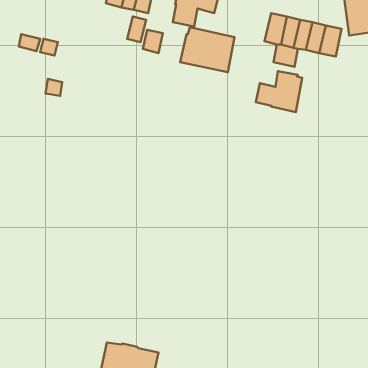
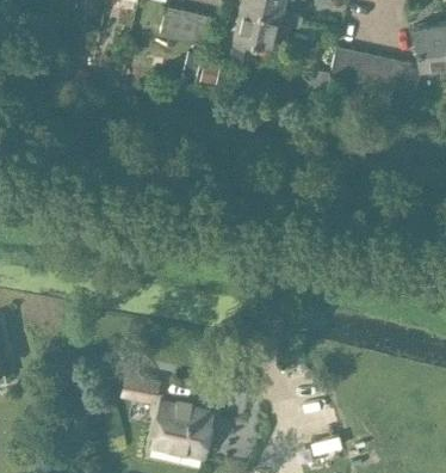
building: [180,27,235,72] -> none
building: [256,71,302,112] -> none
building: none -> [120,373,160,404]

